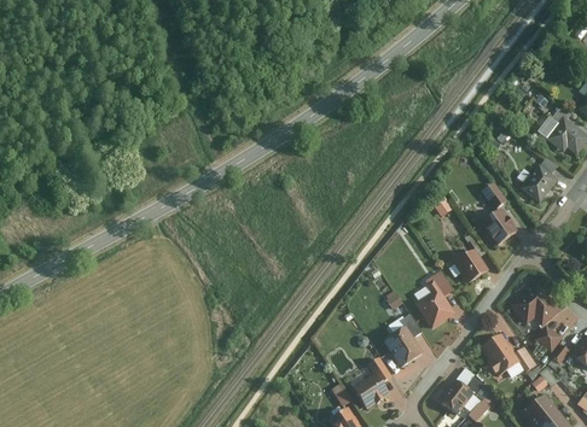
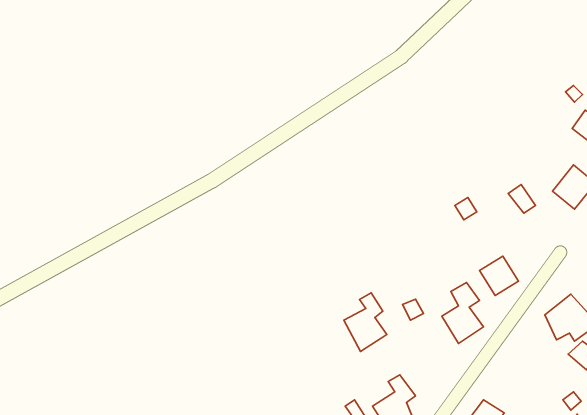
building: [480,206,518,245] -> none
building: [384,314,424,368] -> [344,293,387,352]
building: [481,332,521,378] -> none

